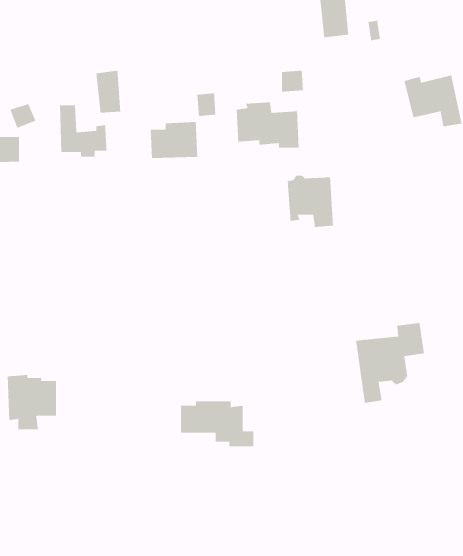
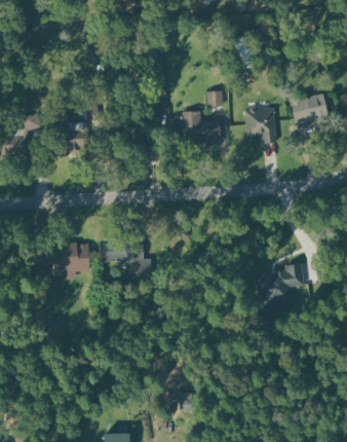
building: [287,175,334,228] -> [245,107,277,143]
building: [7,374,57,430] -> [54,241,88,279]
building: [180,400,254,447] -> [101,238,151,270]

